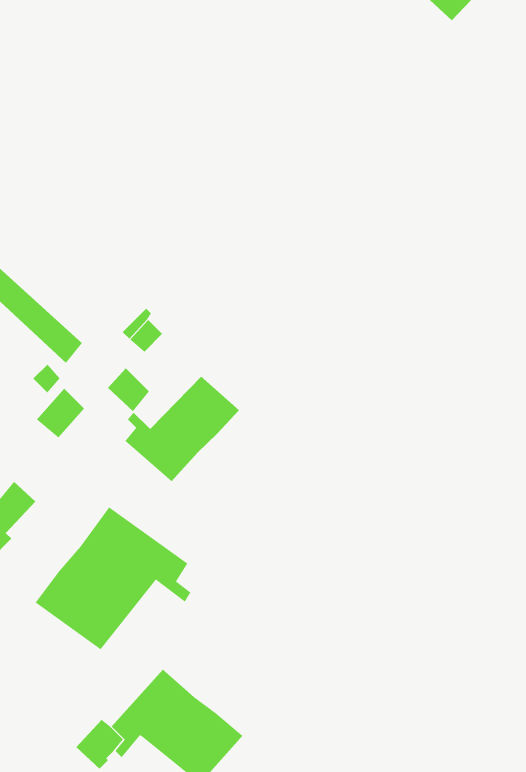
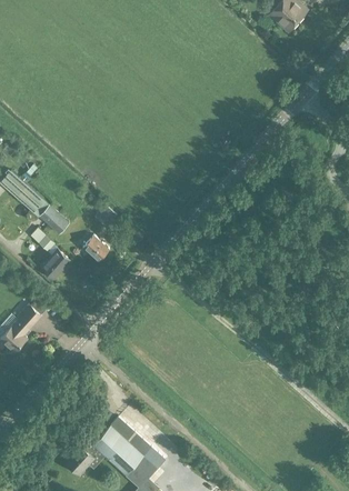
building: [124,376,240,482] -> none
building: [35,507,191,650] -> none

